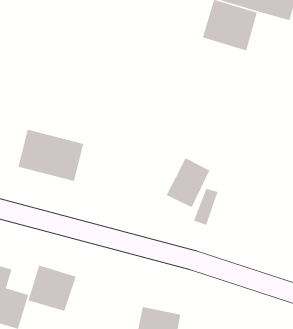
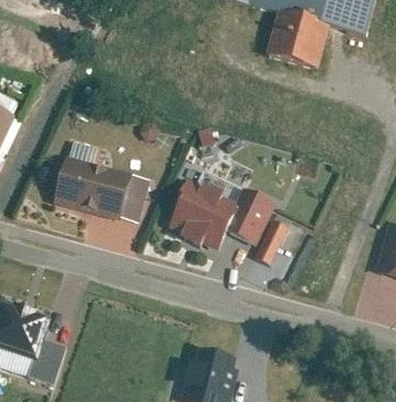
building: none -> [119,173,150,221]
building: none -> [164,176,238,248]
building: [27,265,77,312] -> none

